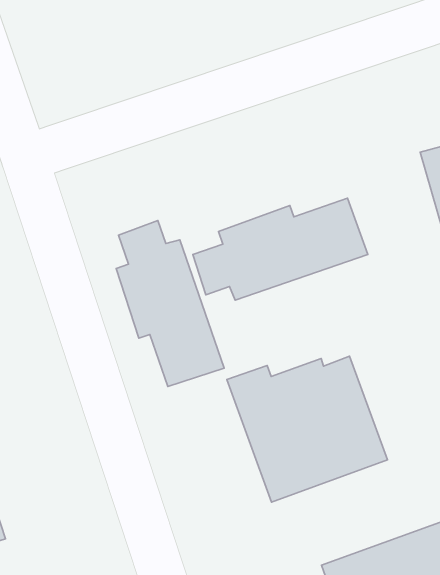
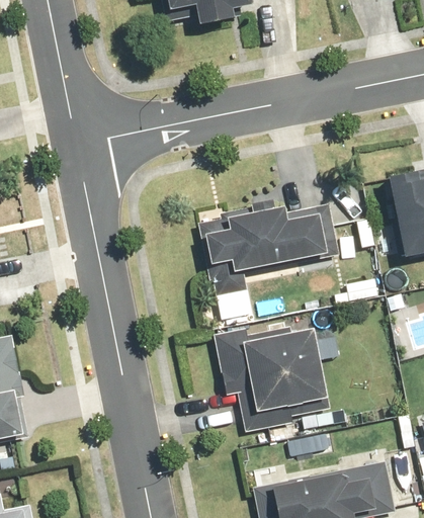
building: [116,221,224,387] -> none

